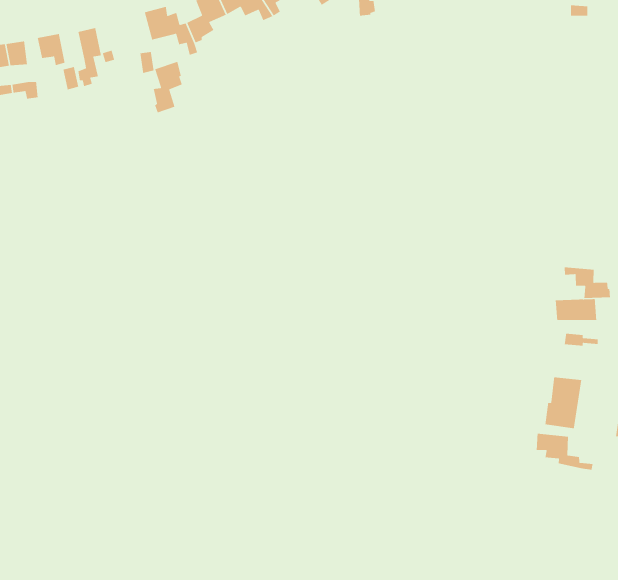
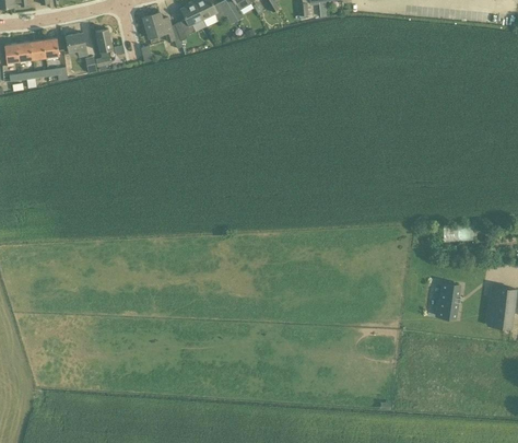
building: [153,61,183,113] -> none
building: [564,266,611,299] -> none
building: [536,433,593,471] -> none

